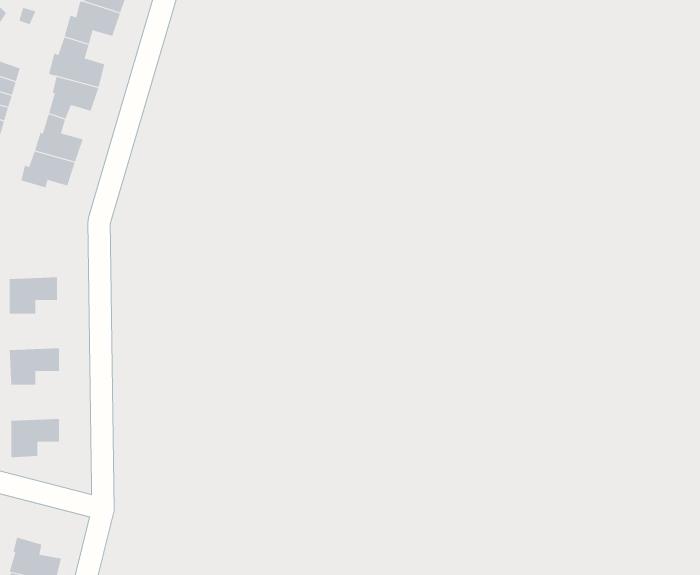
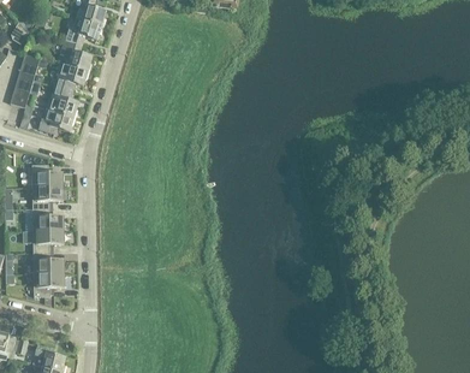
building: none -> [31,165,61,188]
building: none -> [31,209,63,231]
building: none -> [32,253,63,274]

